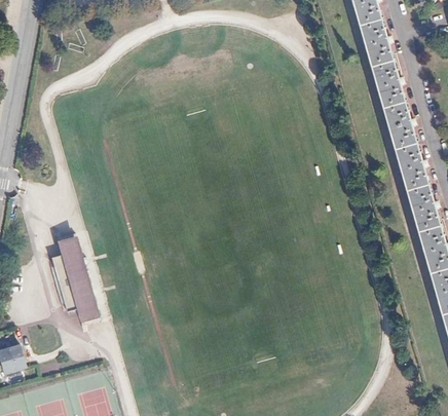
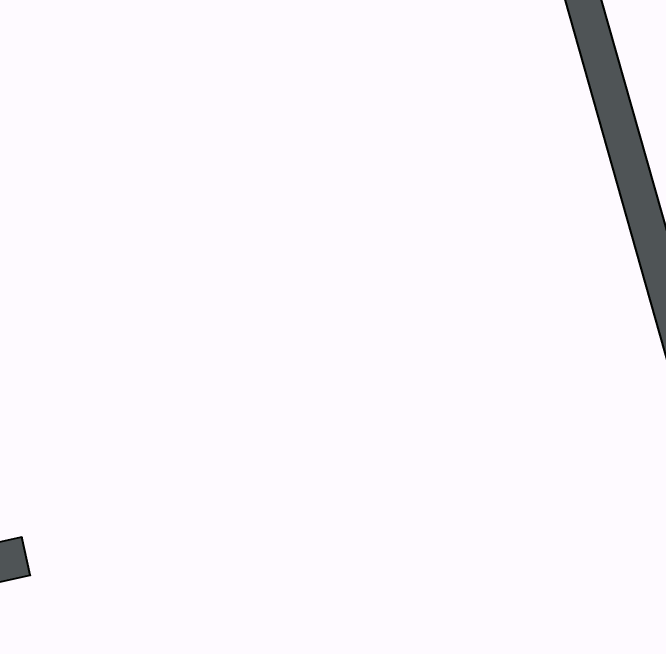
building: [49,230,100,332] -> none

